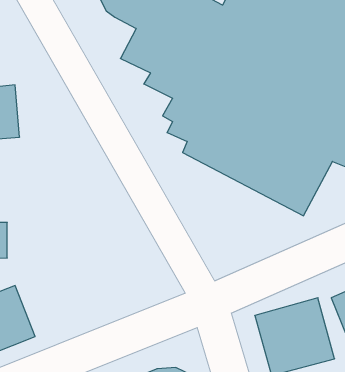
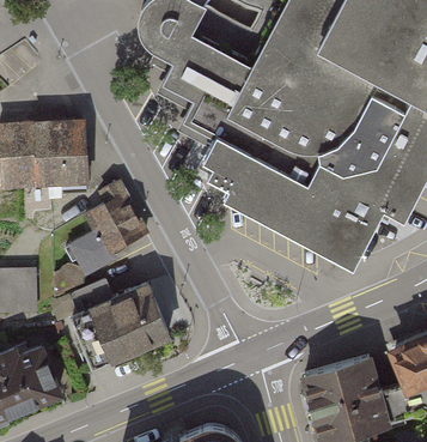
building: none -> [44,123,89,190]
building: none -> [72,199,148,280]
building: none -> [75,284,175,369]

